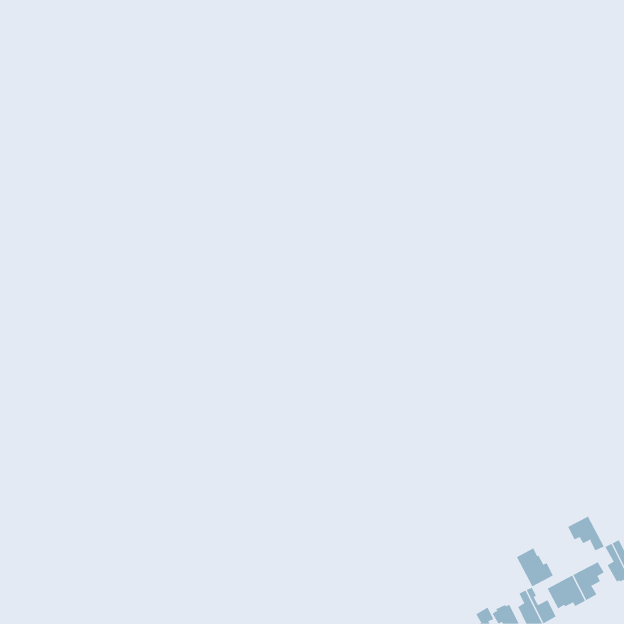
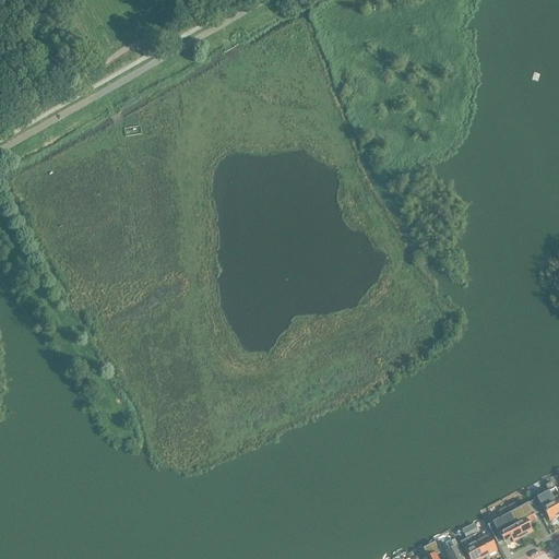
building: [567,516,604,551] -> none
building: [516,548,554,587] -> none

